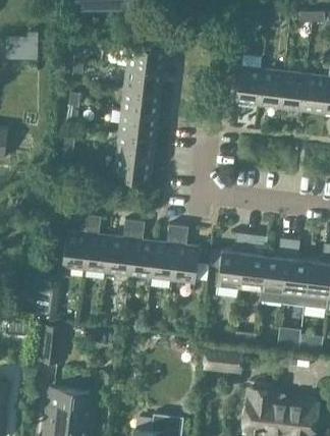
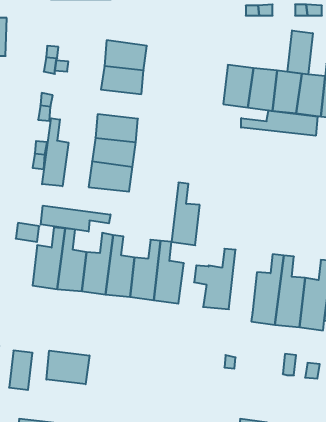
building: none -> [288,30,313,74]
building: [120,90,160,116] -> none
building: none -> [241,110,318,136]
building: none -> [42,118,68,186]
building: none -> [41,206,110,232]
building: [239,235,265,292] -> [172,183,200,245]
building: none -> [46,351,89,384]
building: [204,349,241,372] -> none

